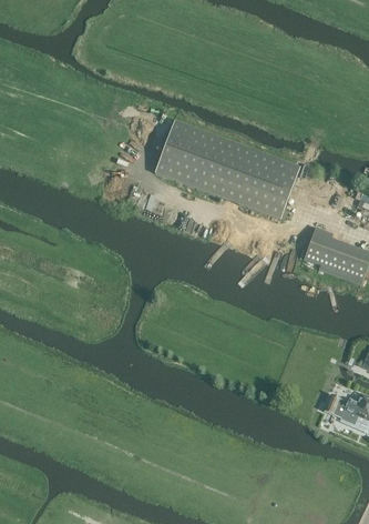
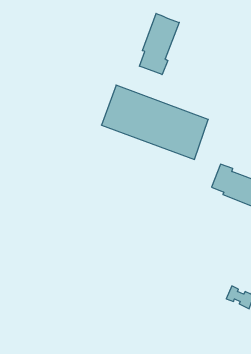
building: none -> [139,13,179,75]

